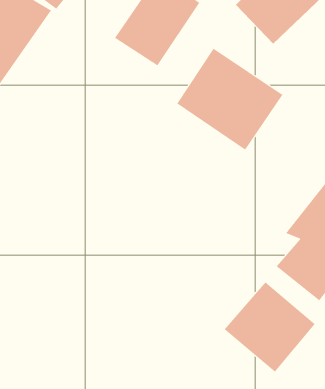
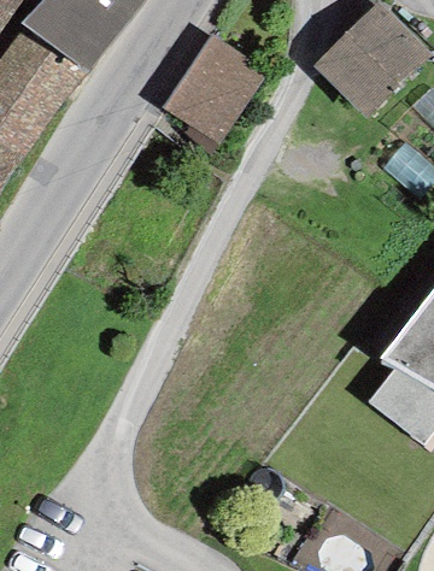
building: [177,48,283,151] -> none
building: [224,282,315,372] -> none

